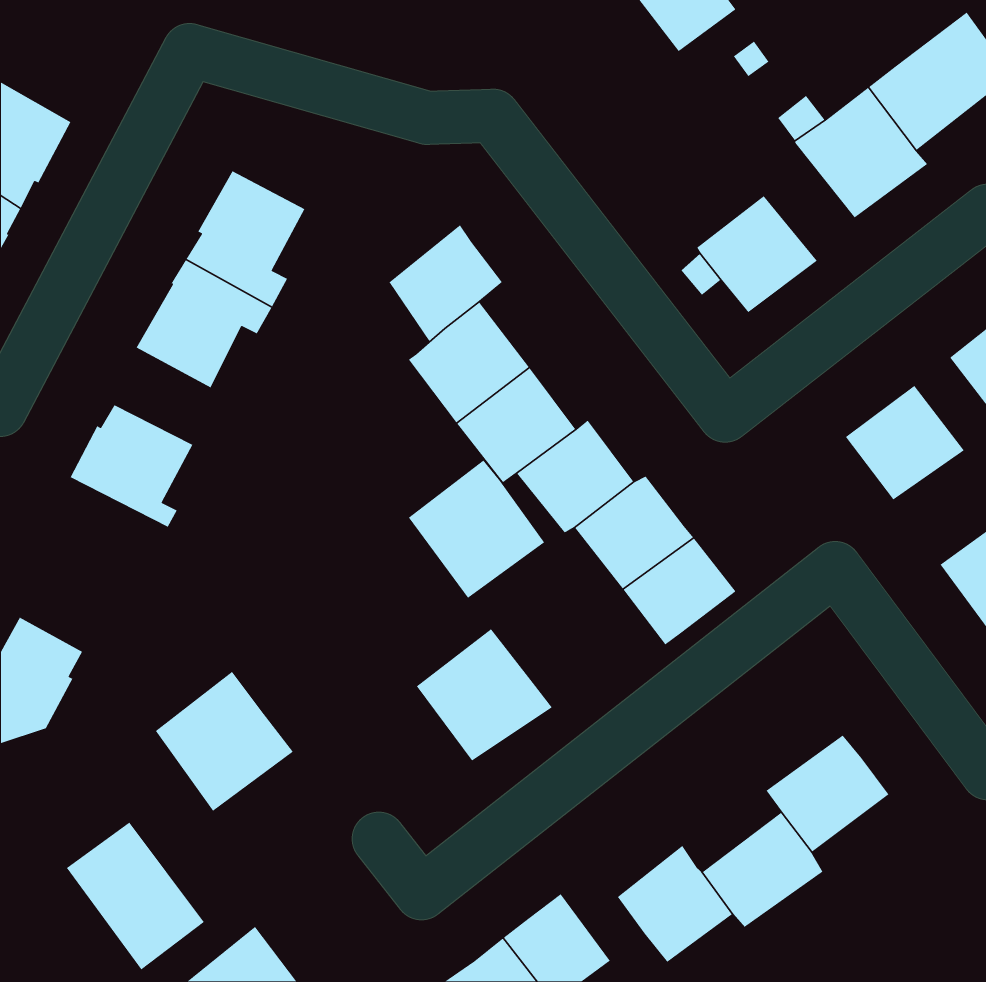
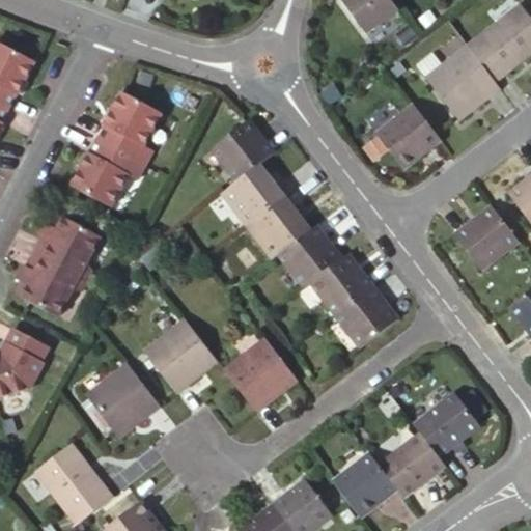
building: [408,460,545,599] -> [144,315,218,390]
building: none -> [21,256,91,318]

